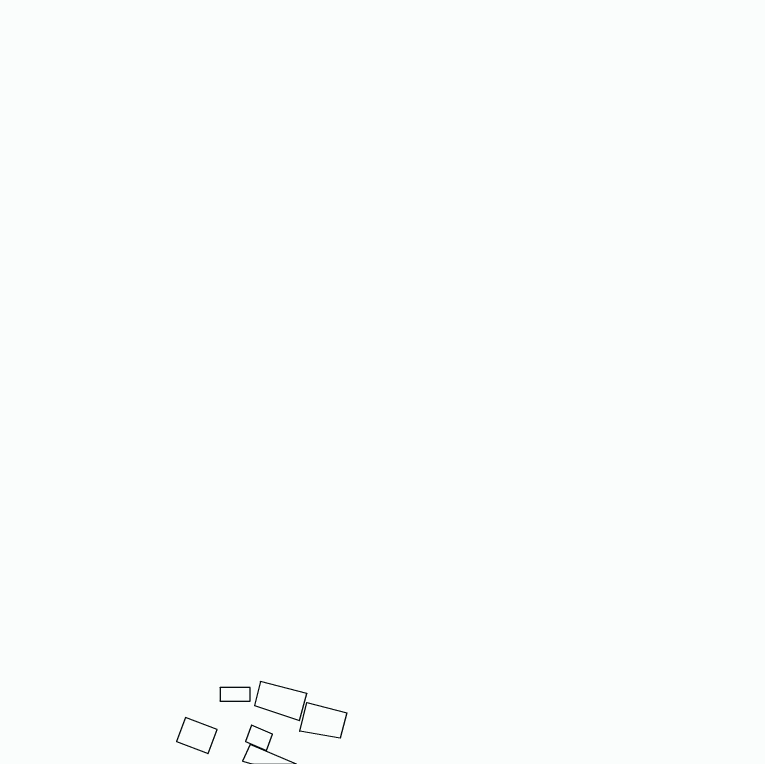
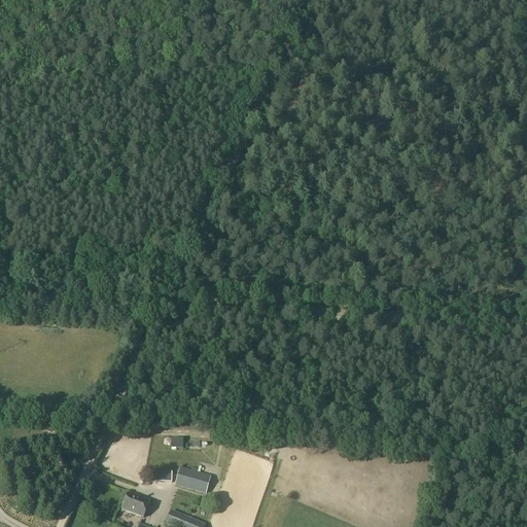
building: [300,703,347,738] -> none

